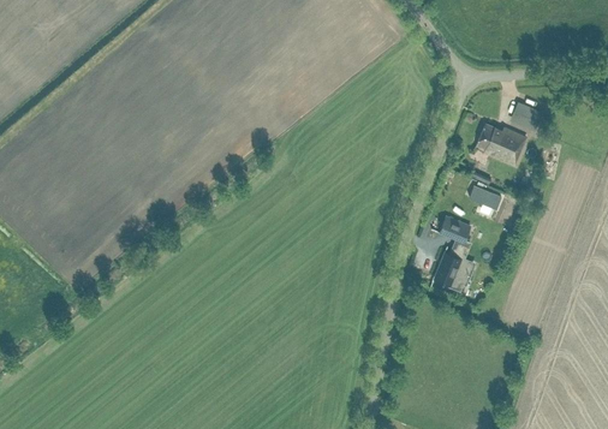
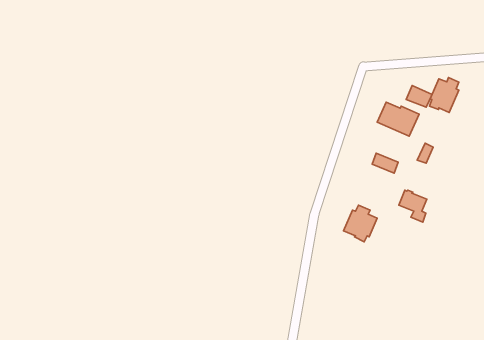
building: none -> [429,77,459,112]
building: [437,215,471,254] -> [399,190,427,222]

